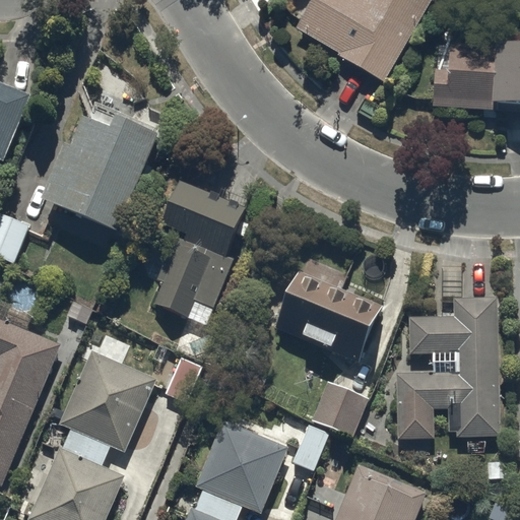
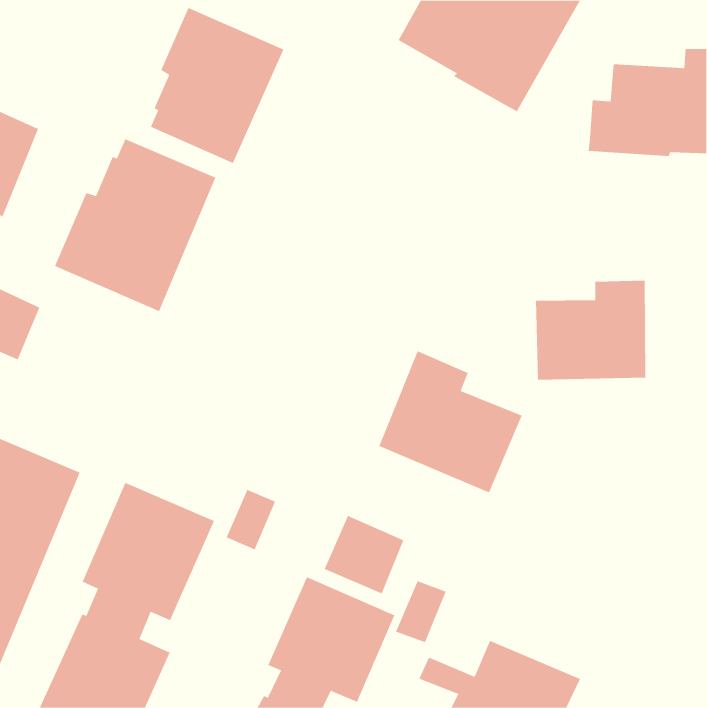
building: none -> [150,7,284,164]
building: [154,180,249,318] -> none
building: none -> [535,280,646,381]
building: [394,296,499,438] -> none
building: [311,381,370,439] -> [324,515,404,594]

